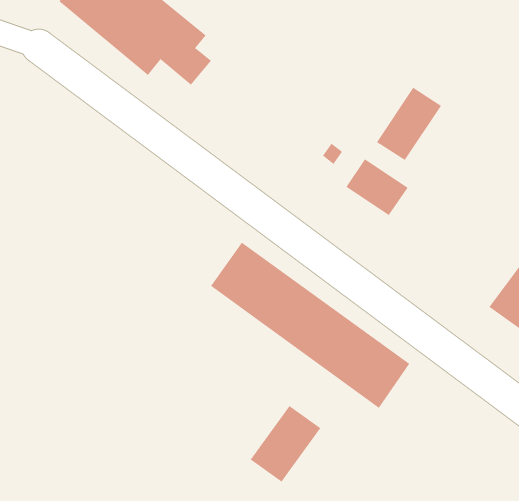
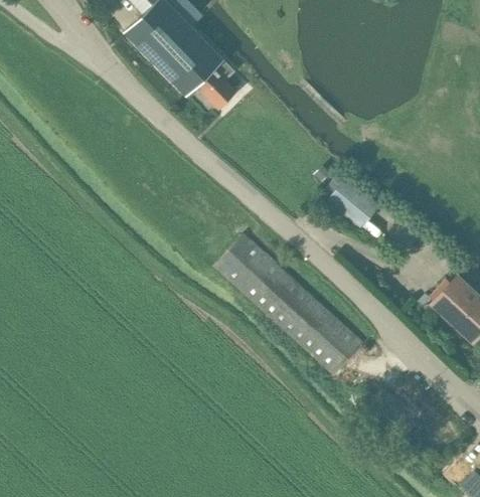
building: [376,87,442,161] -> none
building: [250,405,321,482] -> none

